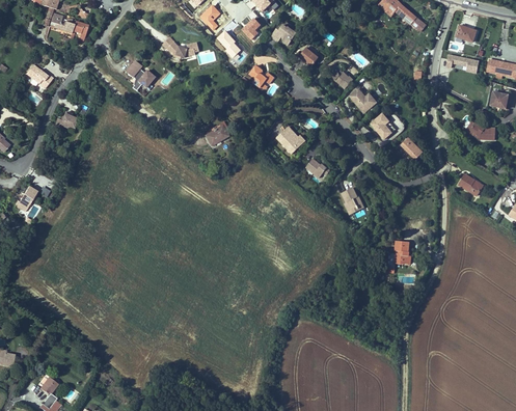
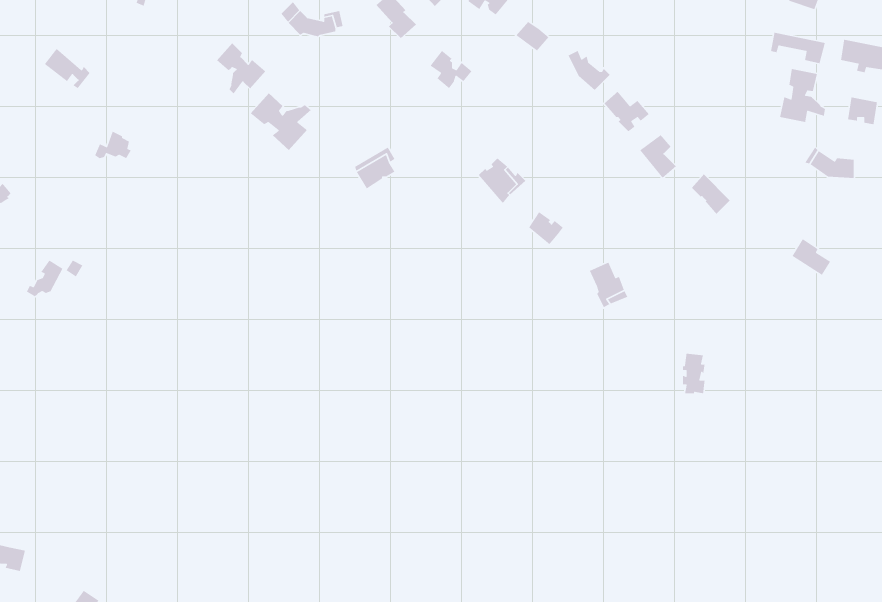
building: none -> [779,68,826,123]
building: none -> [250,92,312,151]

